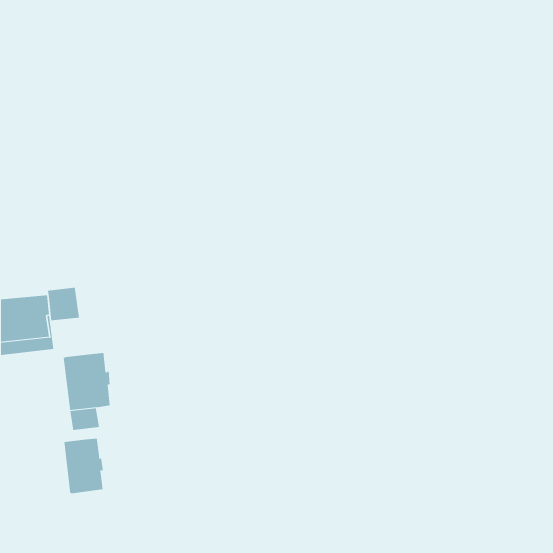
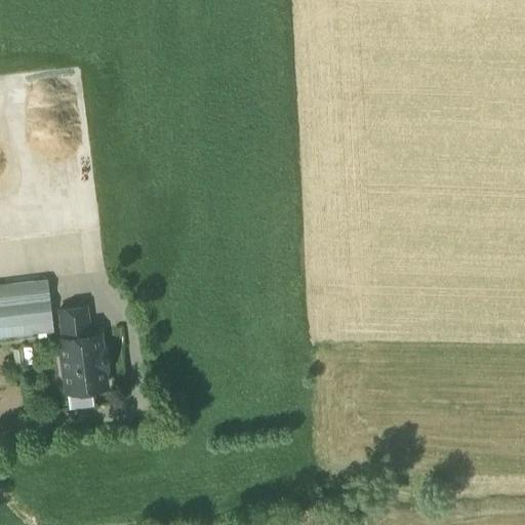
building: [47,287,80,321] -> [59,307,90,338]
building: [64,438,104,494] -> none

